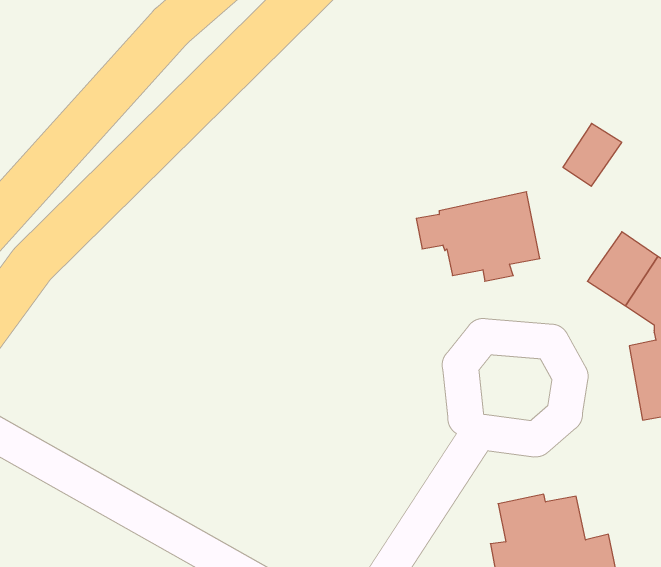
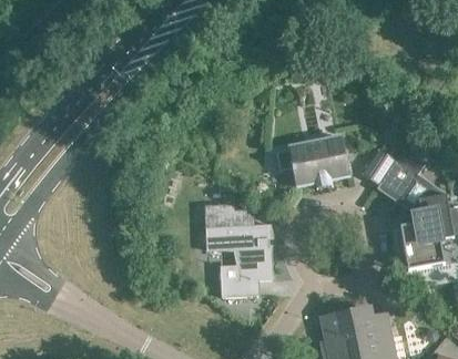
building: [563,123,622,186] -> [363,148,397,185]
building: none -> [206,204,273,297]

